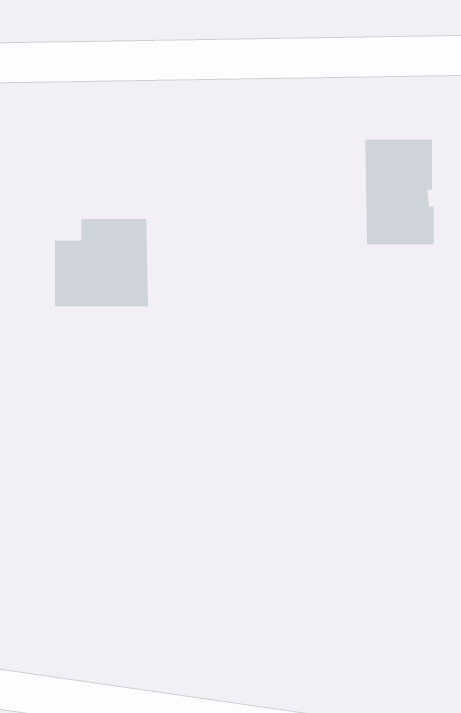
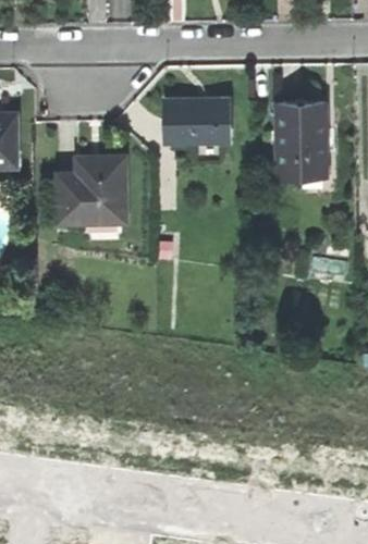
building: none -> [163,101,230,144]

